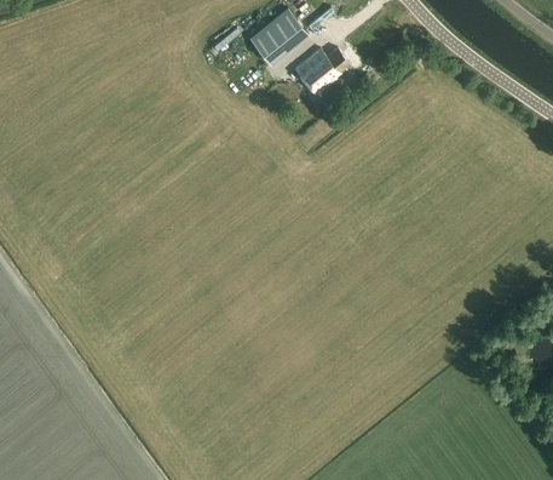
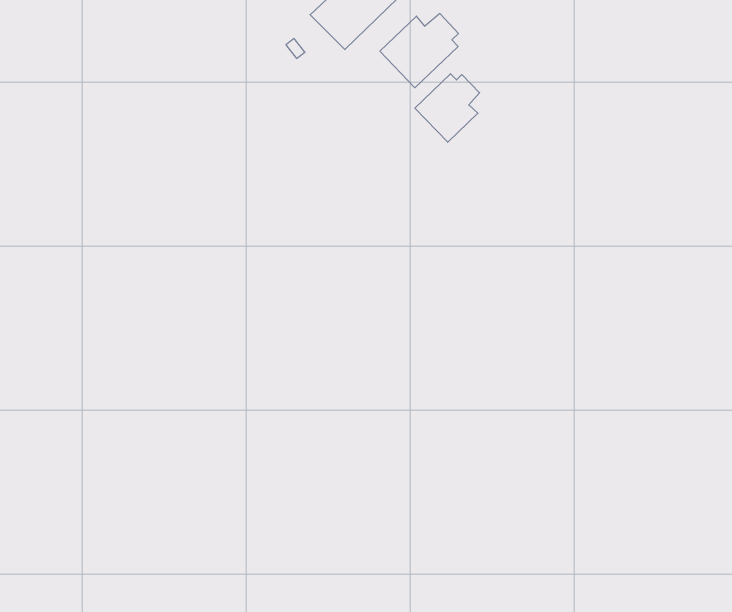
building: none -> [415,74,480,142]

